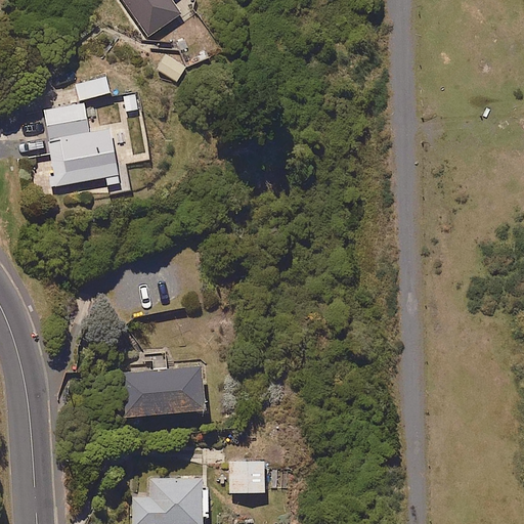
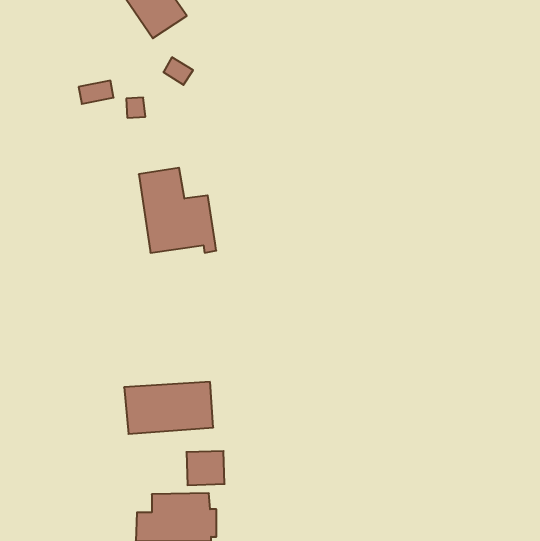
building: [44,103,119,185] -> [139,168,216,253]
building: [229,462,266,494] -> [186,451,225,485]

